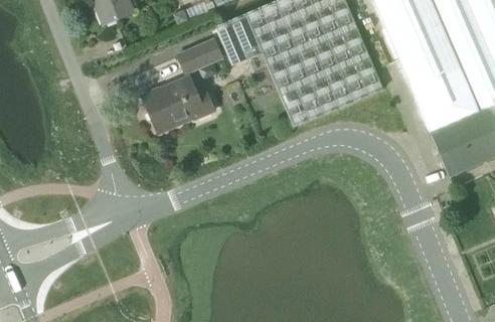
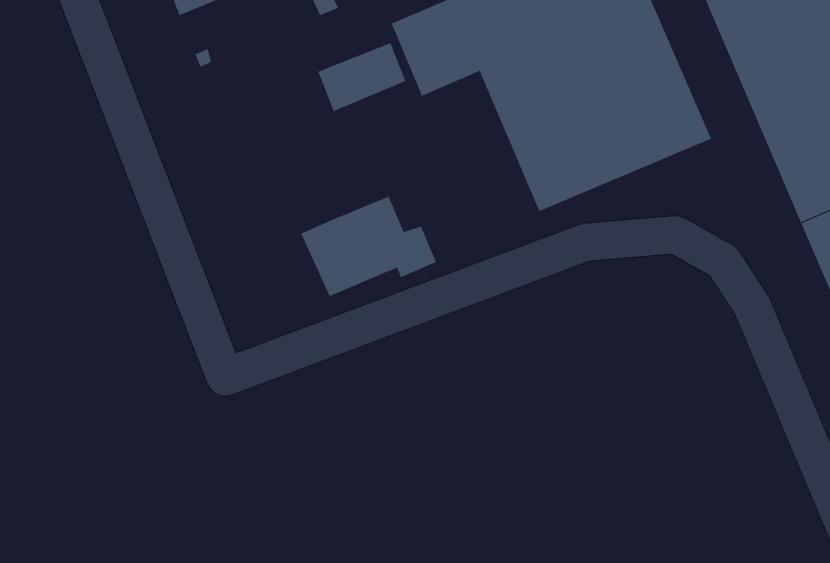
building: [142,74,213,128] -> [300,195,437,297]

